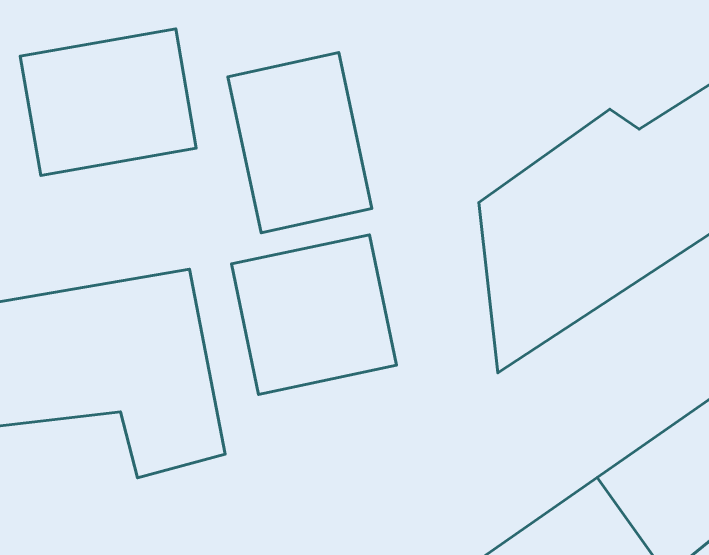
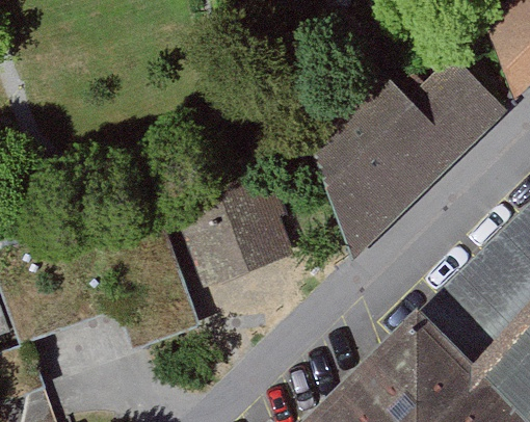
building: [20,29,196,176] -> none
building: [228,52,372,233] -> none

